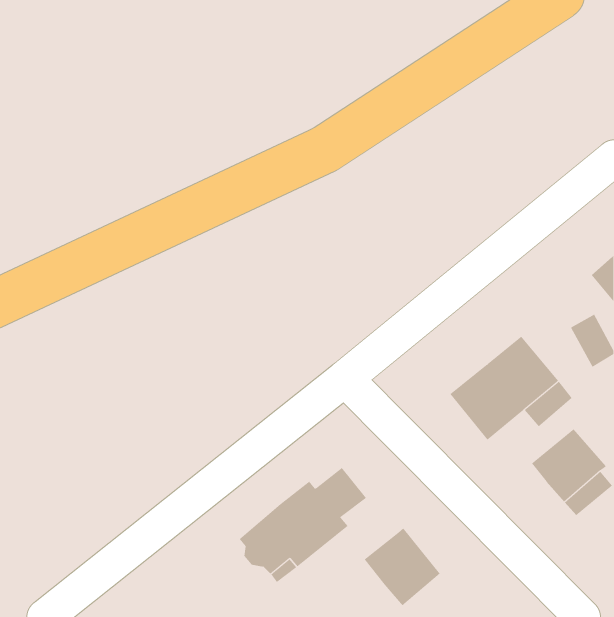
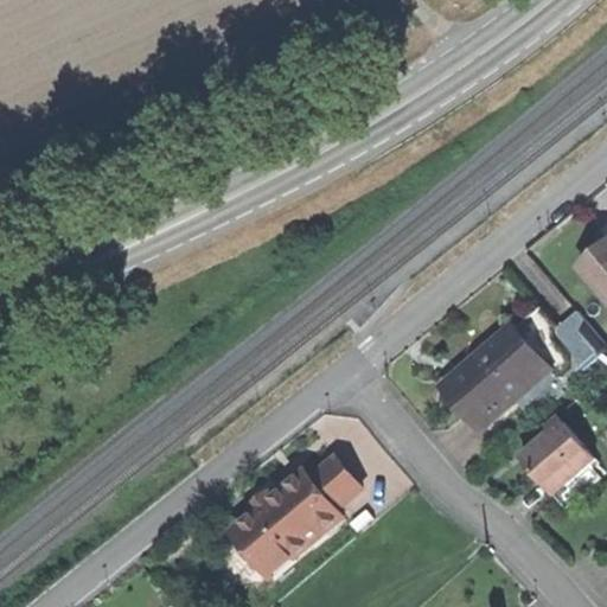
building: [364,527,440,606] -> none

